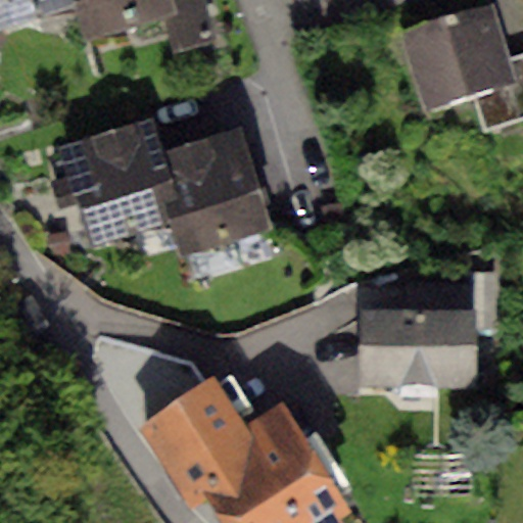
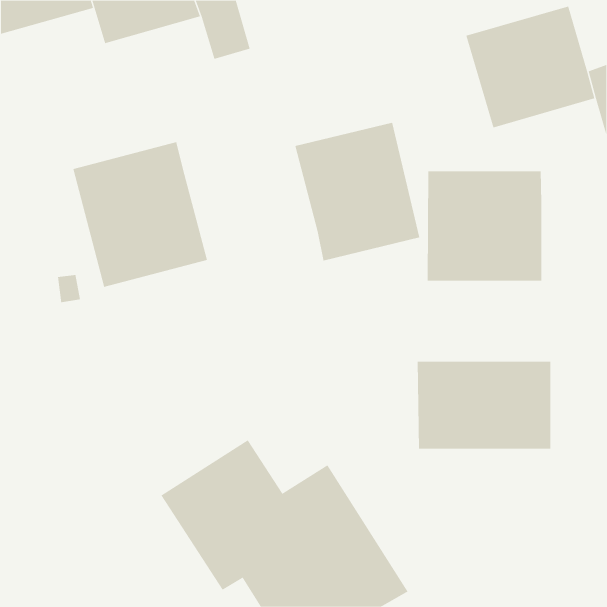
building: [159,130,268,249] -> [294,122,420,261]
building: none -> [427,170,542,281]

